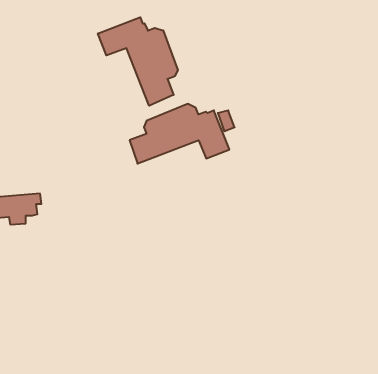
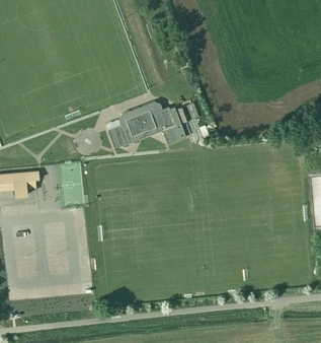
building: [98,17,178,106] -> none

